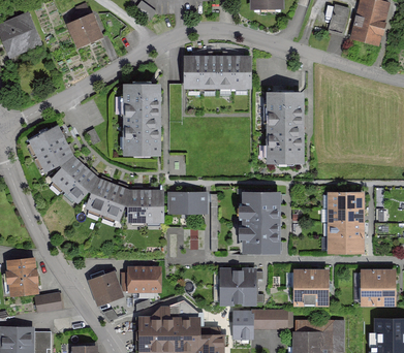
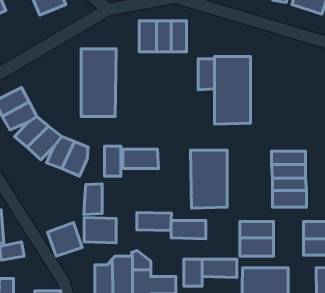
building: [235,55,252,88] -> [198,59,215,90]
building: [127,189,147,222] -> [84,184,102,215]
building: [218,287,255,307] -> [137,212,172,231]

